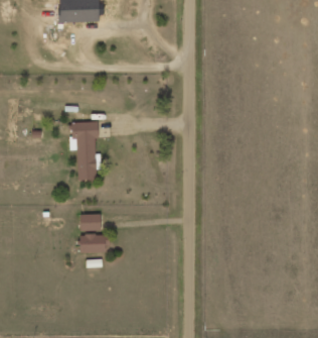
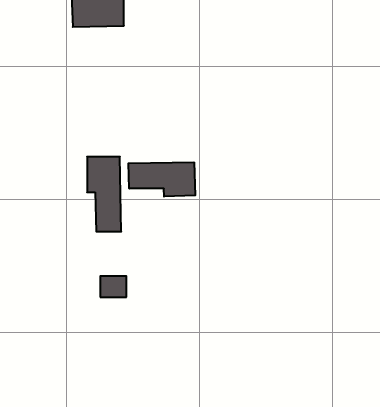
building: none -> [128,162,195,197]
building: [79,234,108,252] -> none

